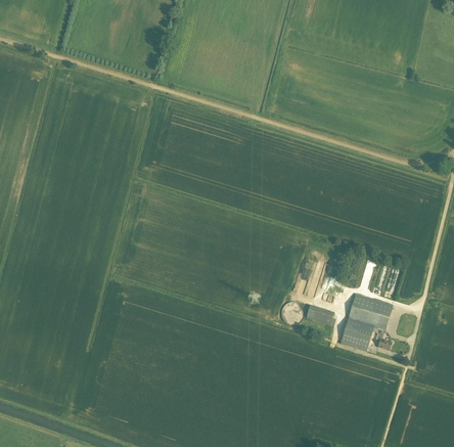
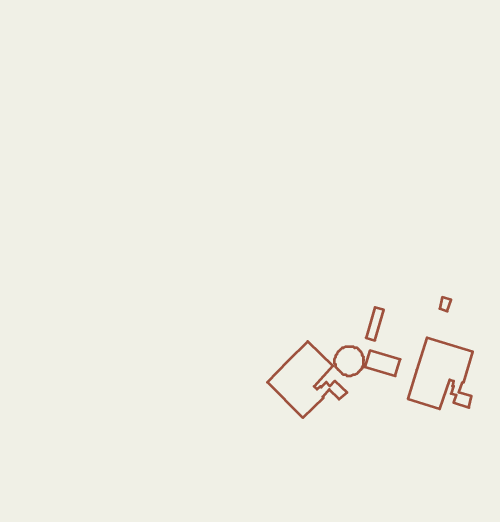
building: none -> [267,341,347,418]

